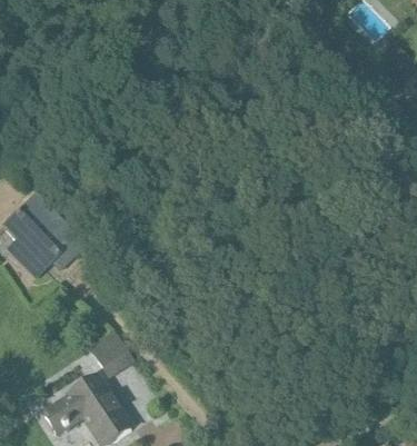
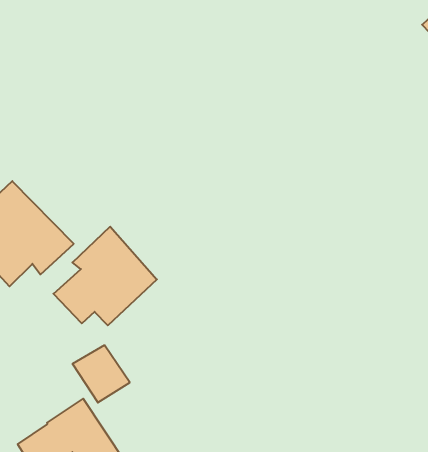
building: none -> [53,227,157,325]

